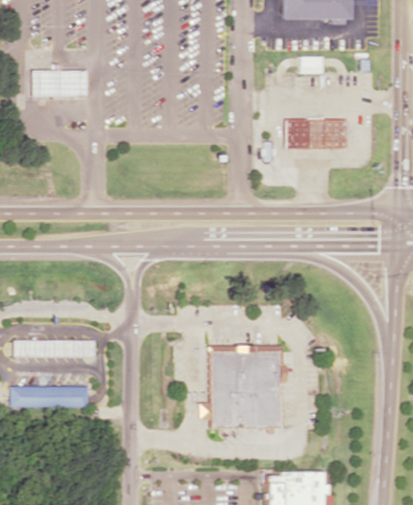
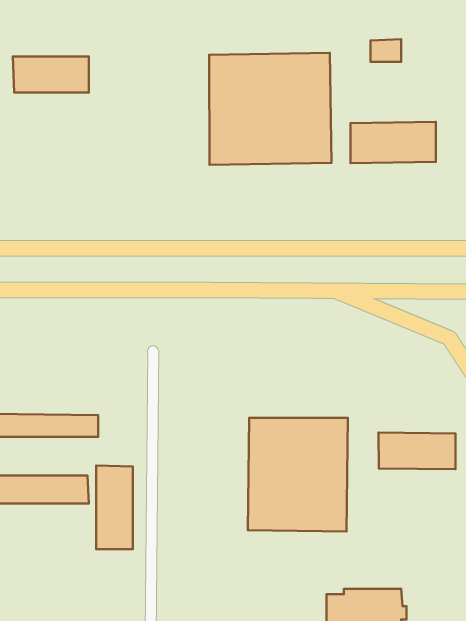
building: none -> [209,53,332,165]
building: none -> [379,433,456,469]
building: none -> [96,466,133,549]

